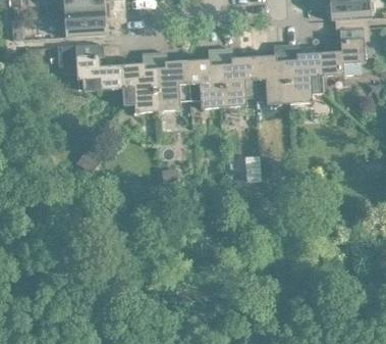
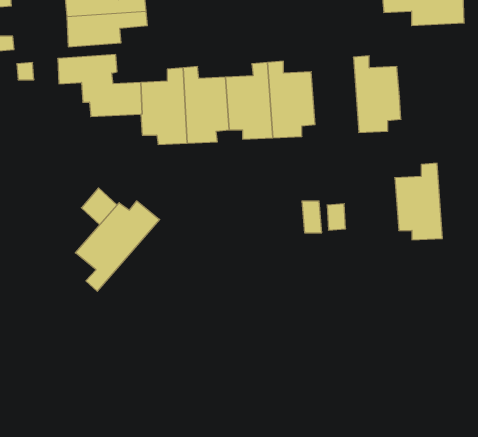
building: [319,28,369,76] -> none
building: [253,45,289,104] -> [395,163,442,240]
building: none -> [75,201,160,291]

